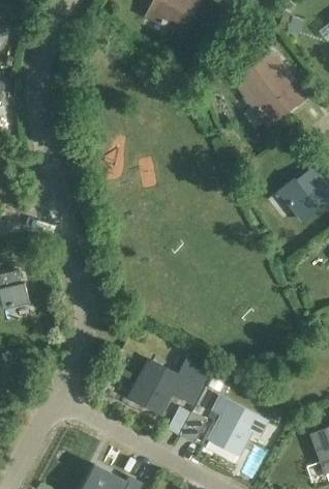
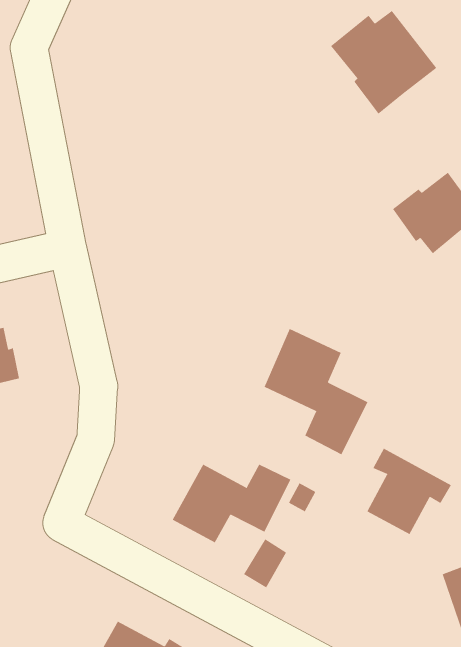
building: none -> [264,328,368,455]
building: [208,397,265,455] -> [366,448,452,535]

